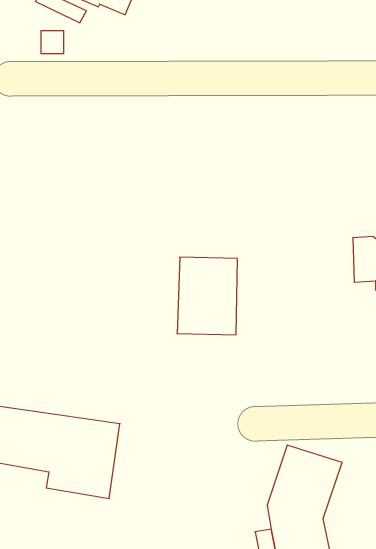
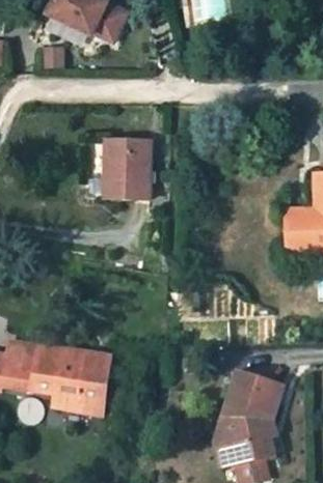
building: [177,257,237,335] -> [102,139,149,199]

